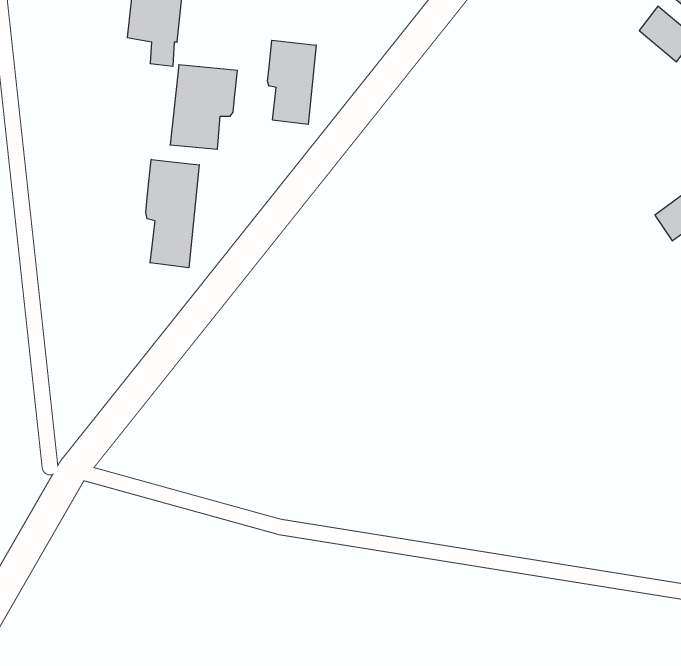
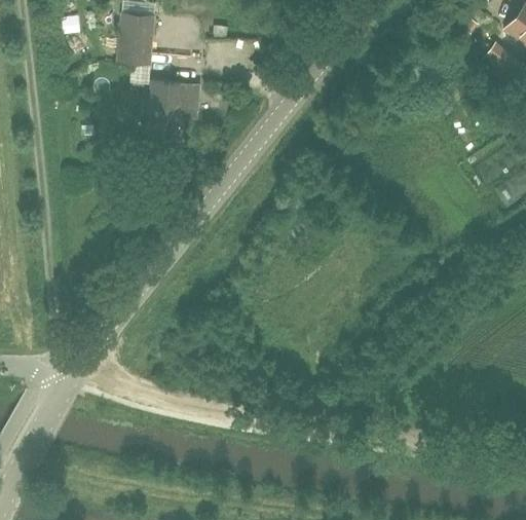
building: [268,40,316,124] -> none
building: [146,159,199,268] -> none

